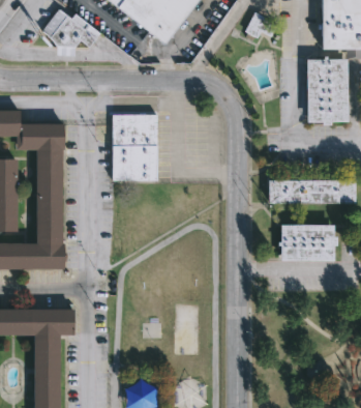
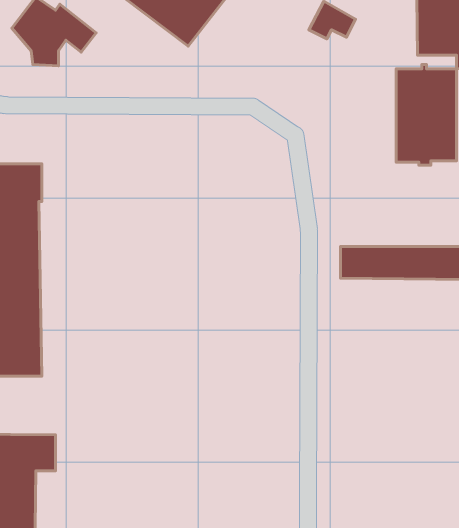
building: [113,114,160,183] -> none
building: [278,225,338,261] -> none

